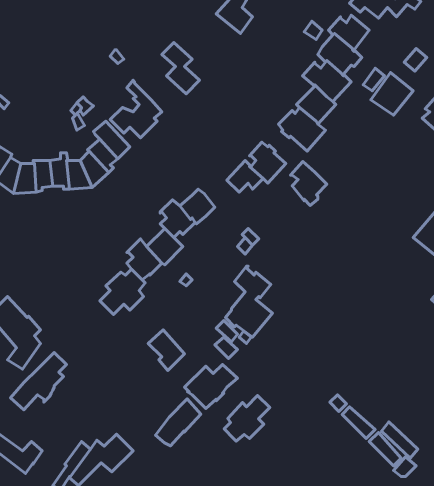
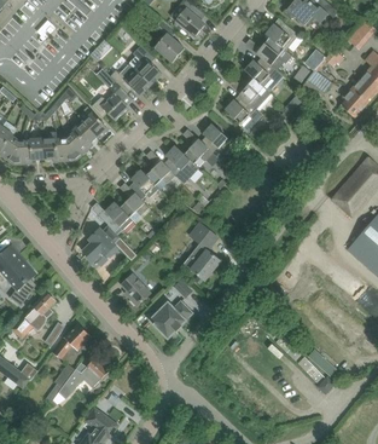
building: none -> [153,19,184,63]
building: none -> [110,63,151,96]
building: [291,162,327,205] -> [164,145,193,180]
building: [224,396,270,441] -> none
building: [155,399,201,446] -> [53,323,89,361]

